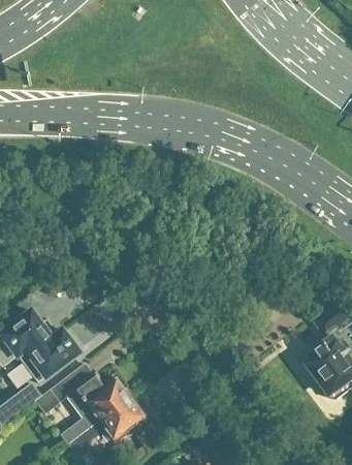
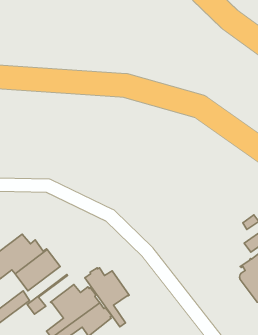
building: none -> [85,268,129,327]

